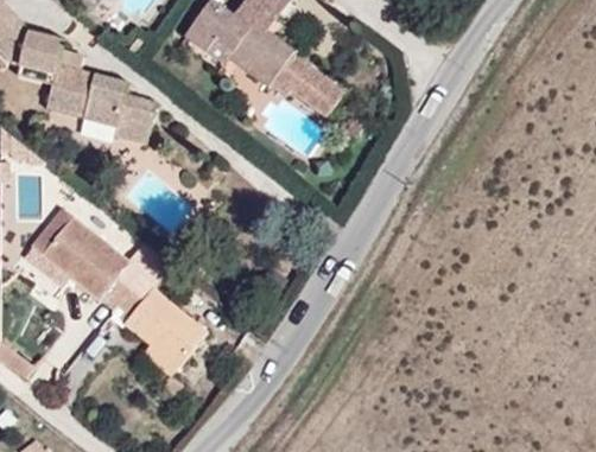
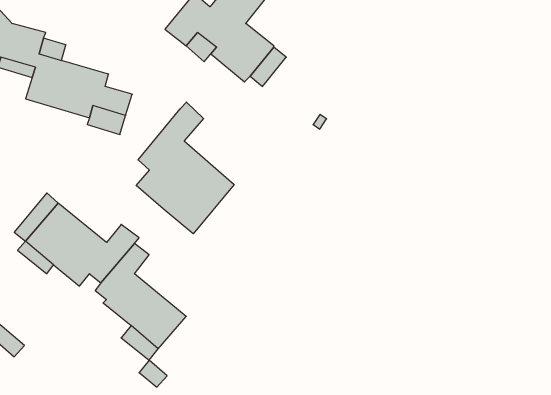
building: [293,63,350,117] -> none
building: none -> [136,102,234,234]

